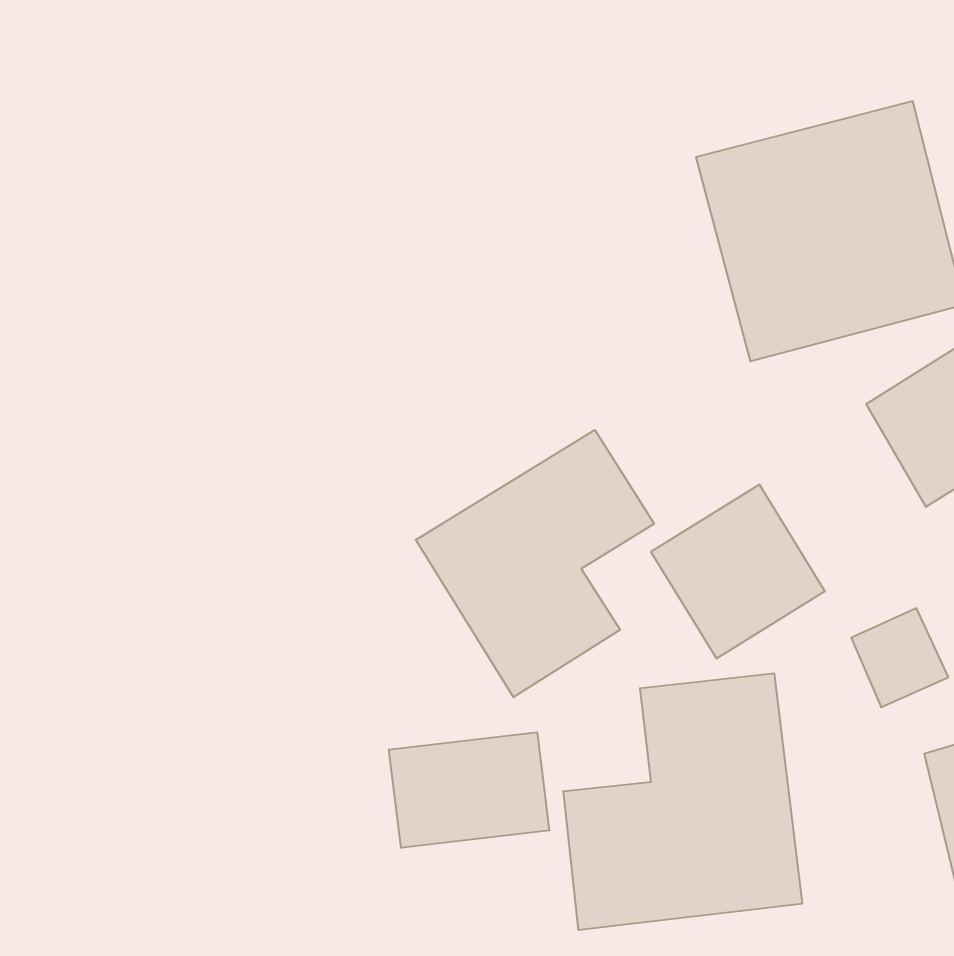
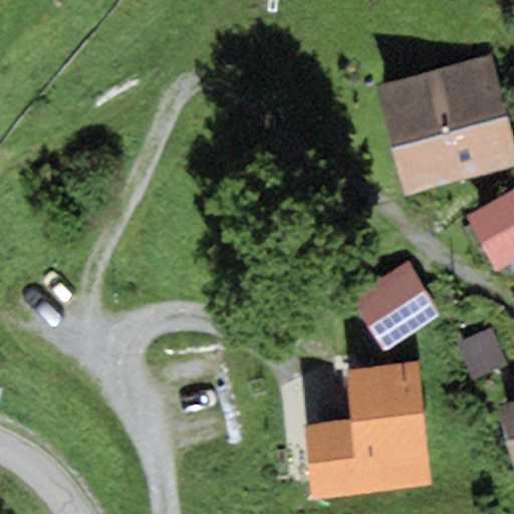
building: [416,430,654,697] -> none
building: [389,732,549,848] -> none

